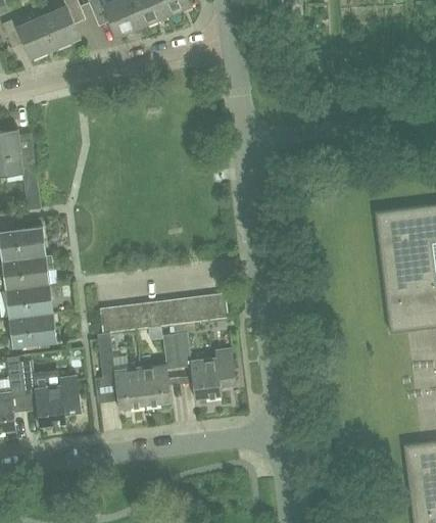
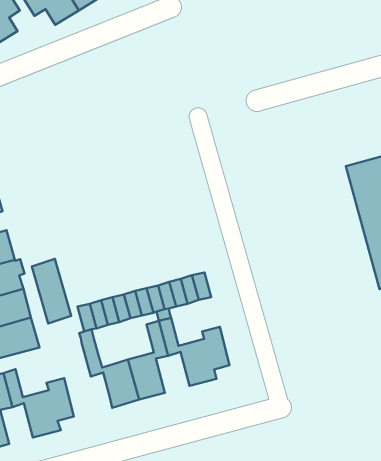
building: none -> [32,259,71,324]

